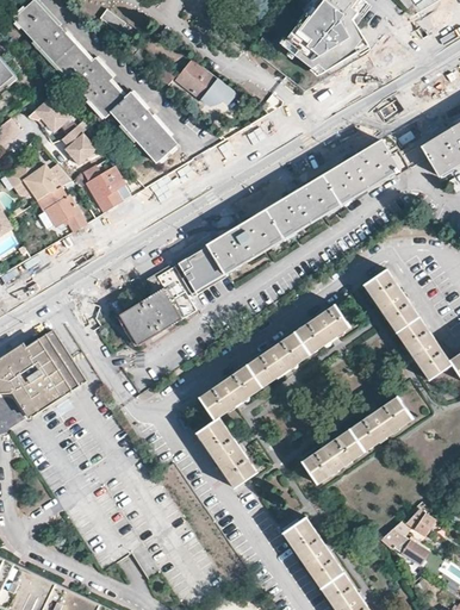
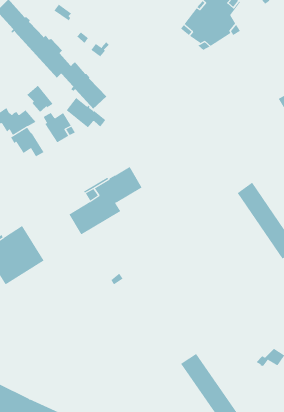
building: [175,61,234,106] -> [66,97,106,128]
building: [27,98,69,135] -> none
building: [209,139,399,275] -> none
building: [195,304,349,488] -> none
building: [300,396,412,484] -> none
building: [378,529,427,566] -> none

